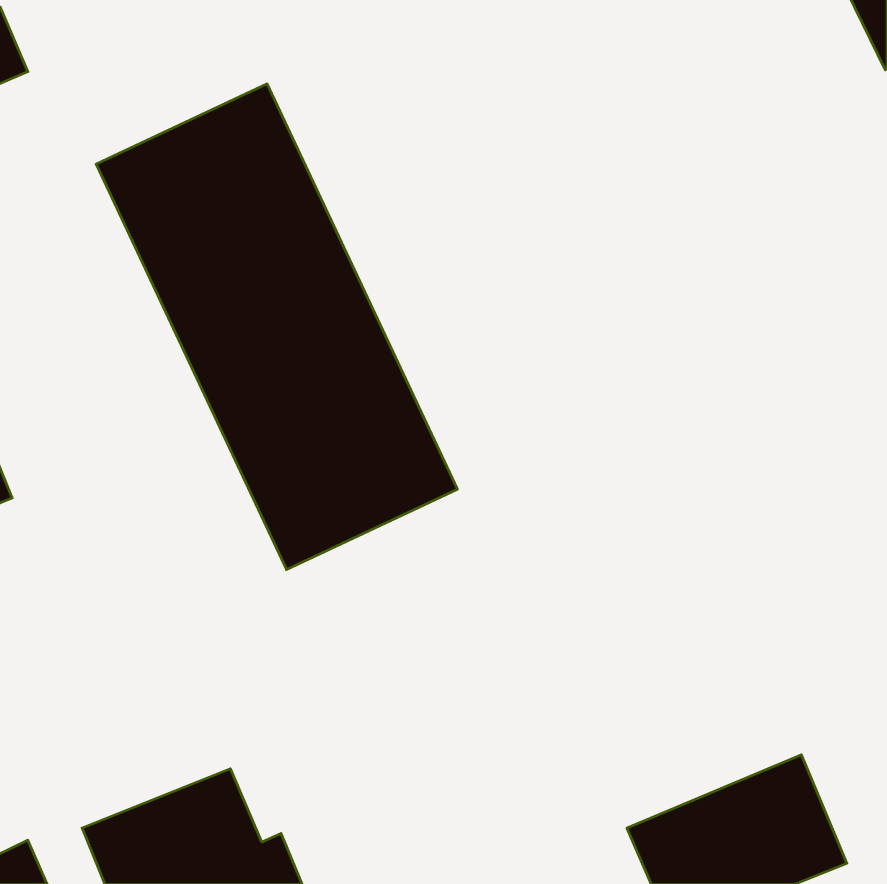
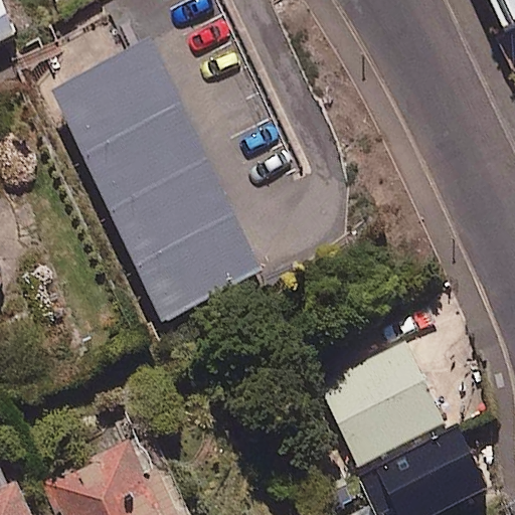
building: none -> [319,340,441,460]

